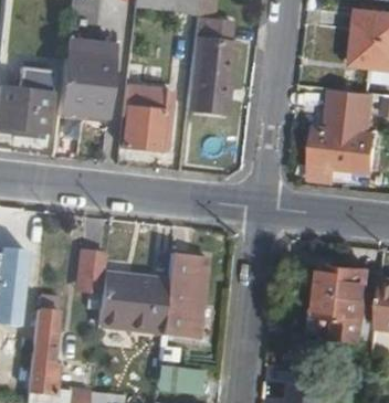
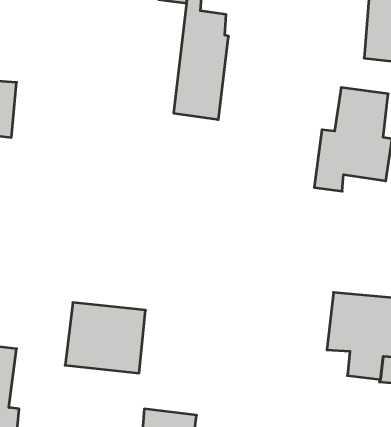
building: [62,38,119,118] -> none
building: [124,86,172,152] -> none
building: [75,252,105,293] -> none
building: [160,252,203,339] -> none

